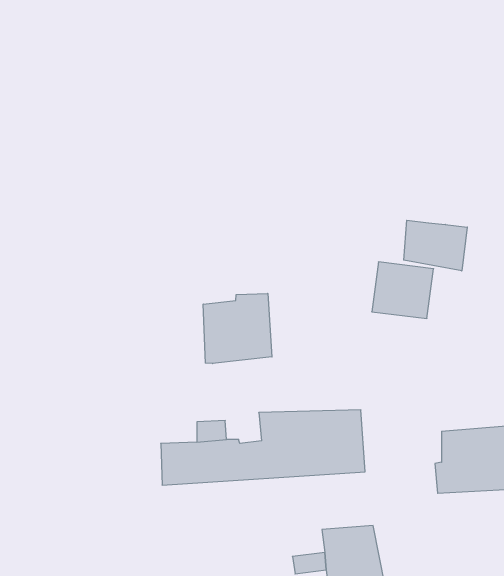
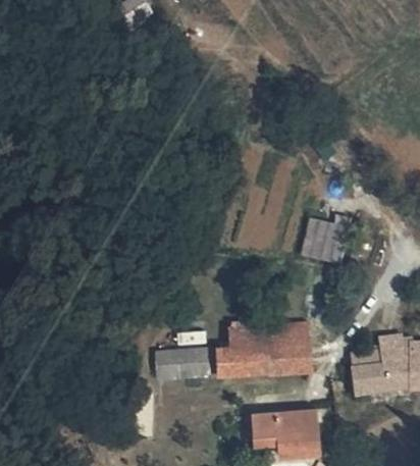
building: [404,220,467,271] -> none
building: [203,293,272,364] -> none

